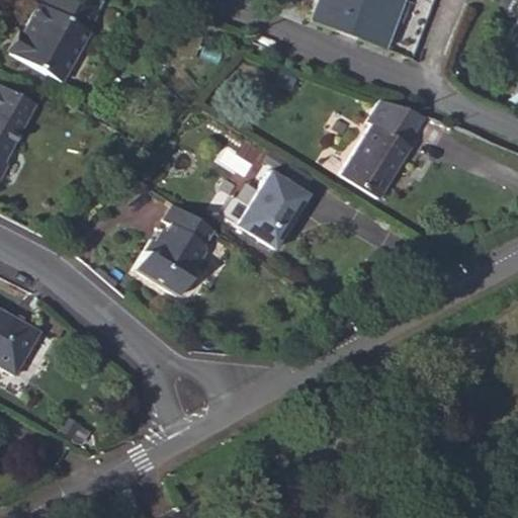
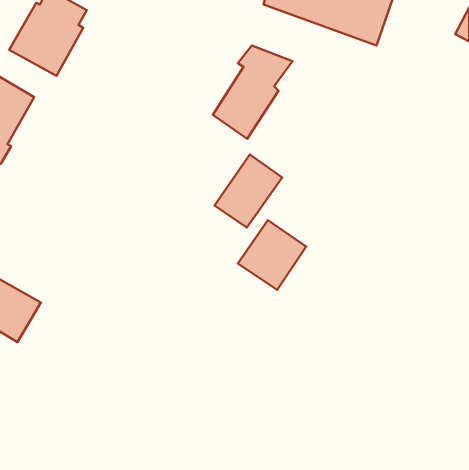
building: [343,98,430,200] -> [213,46,293,139]
building: [132,202,212,292] -> none
building: none -> [238,220,306,290]

